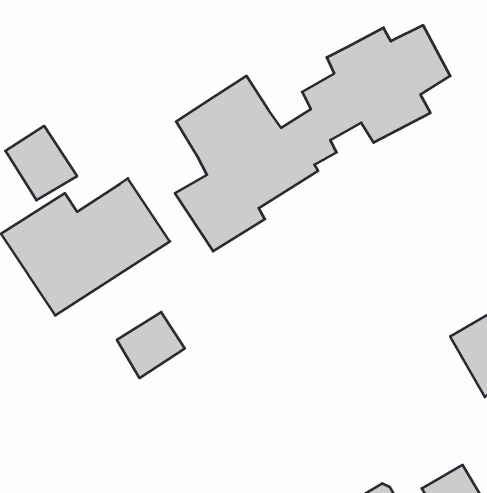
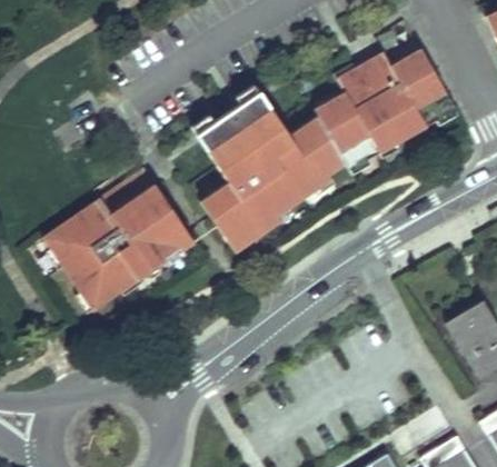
building: [5,126,77,200] -> none
building: [117,312,185,378] -> none

